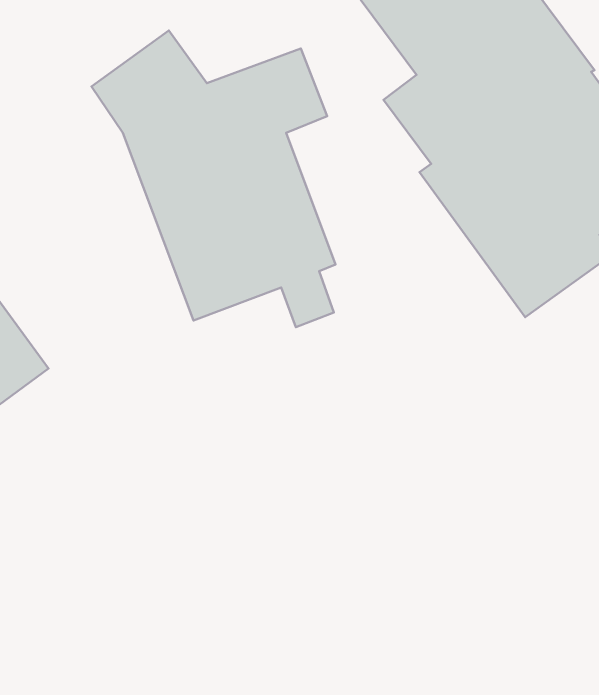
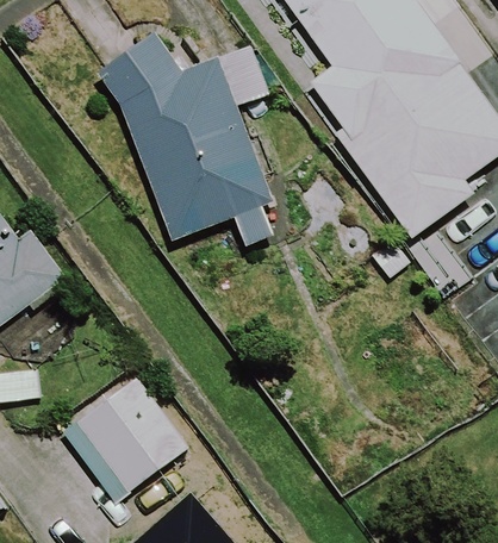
building: none -> [74,376,189,493]

